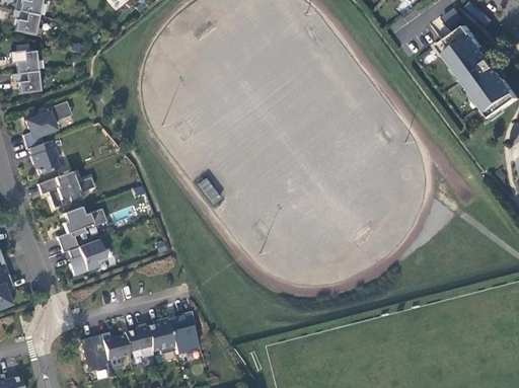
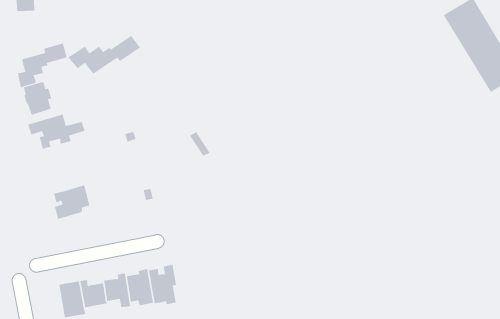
building: [18,72,40,94] -> none
building: none -> [68,35,141,74]
building: [57,207,106,252] -> none

